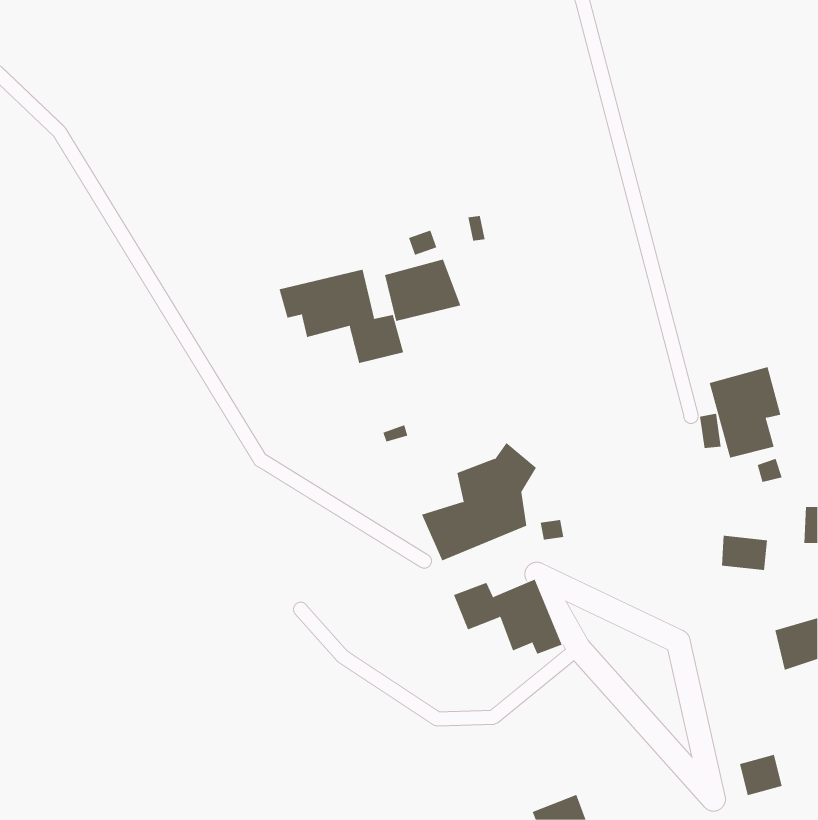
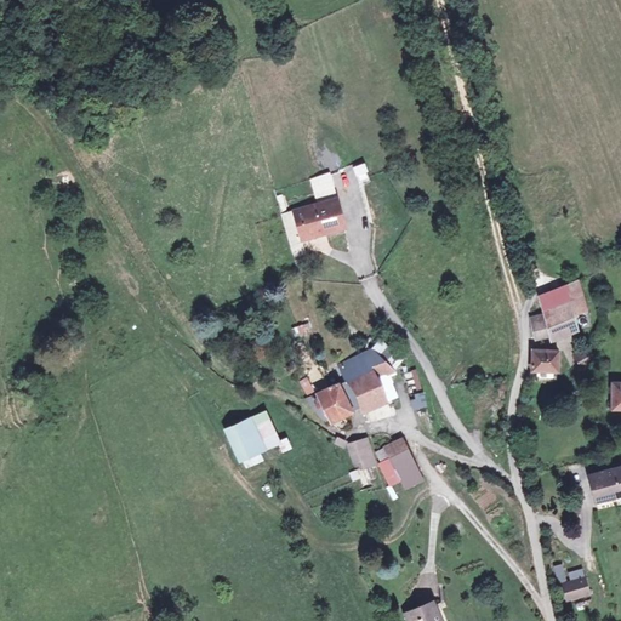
building: [279,269,404,364] -> none
building: [721,535,768,571] -> [526,348,562,375]
building: none -> [224,410,280,461]

